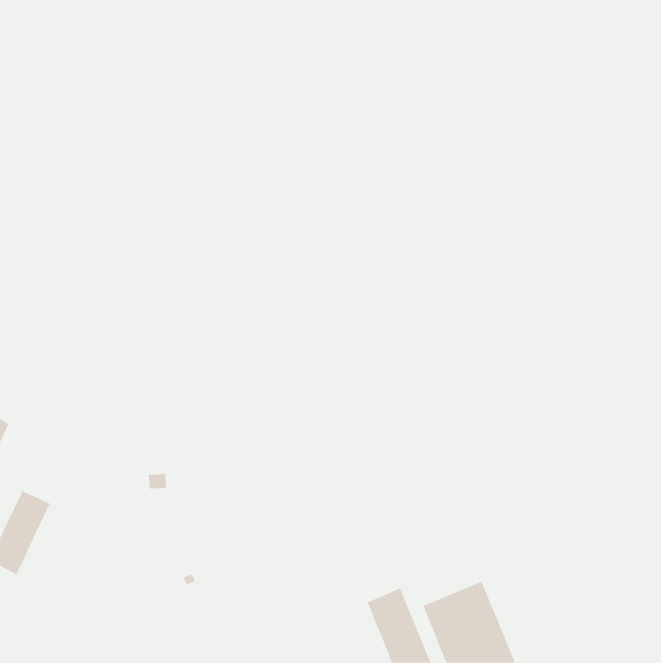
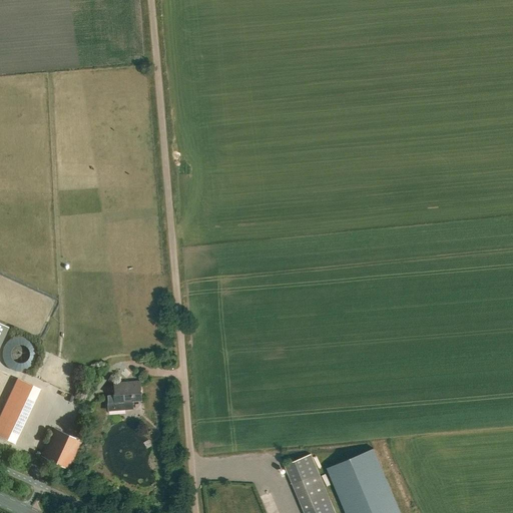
building: none -> [107,381,140,410]
building: none -> [39,427,81,469]

